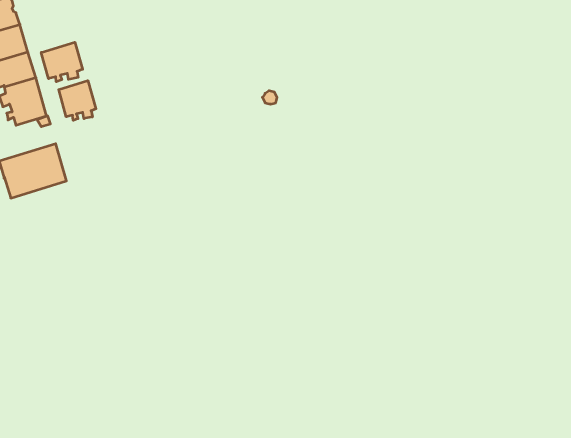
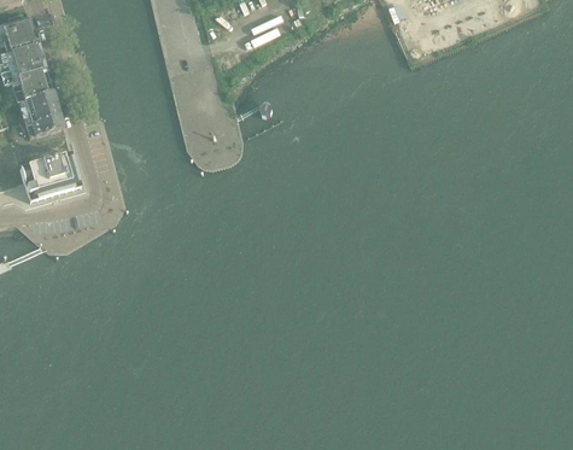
building: [41,42,83,82] -> none
building: [59,81,96,120] -> none

